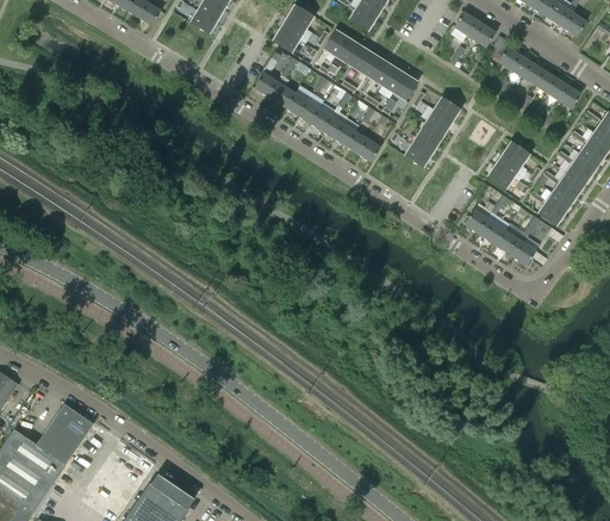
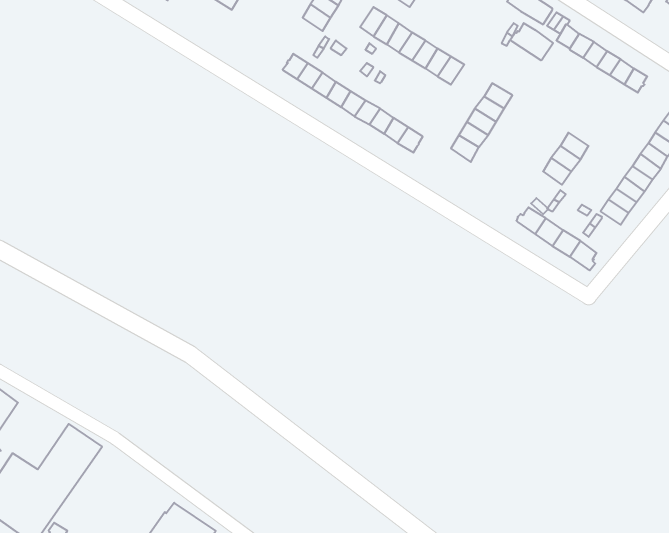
building: none -> [510,23,553,60]

